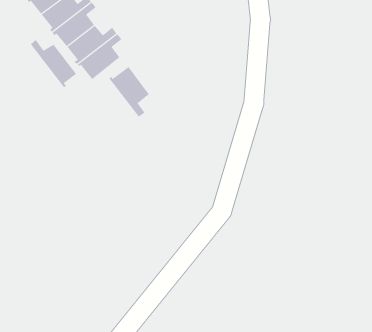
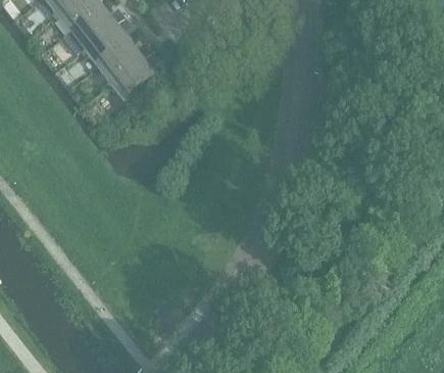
building: [30,39,77,88] -> none
building: [109,66,149,118] -> none

